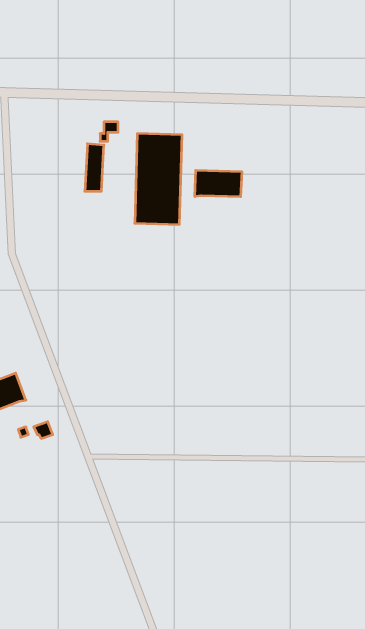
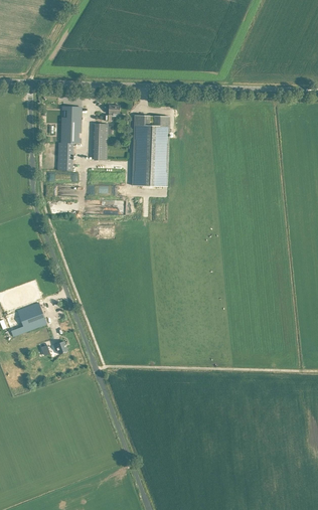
building: none -> [57,107,85,171]
building: [195,170,242,197] -> none

